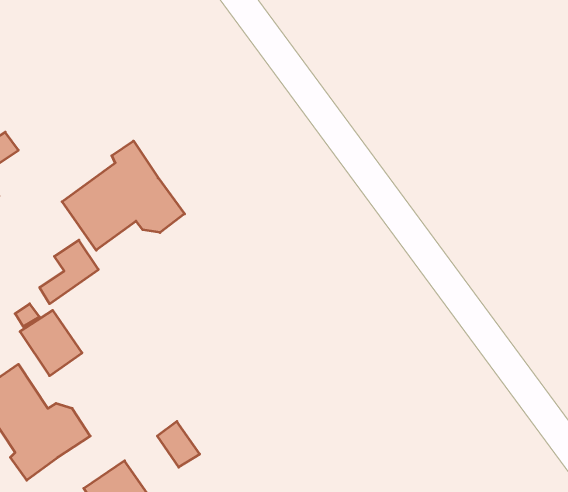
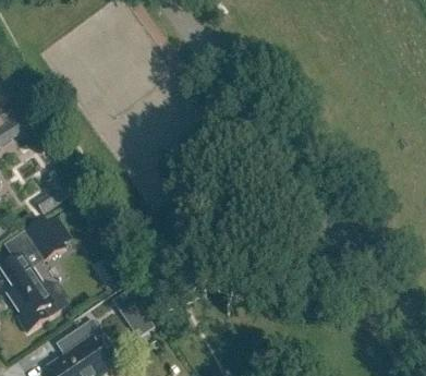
building: [62,141,185,250] -> none

